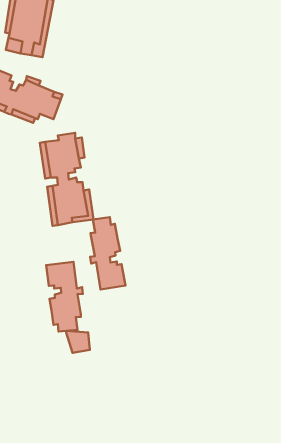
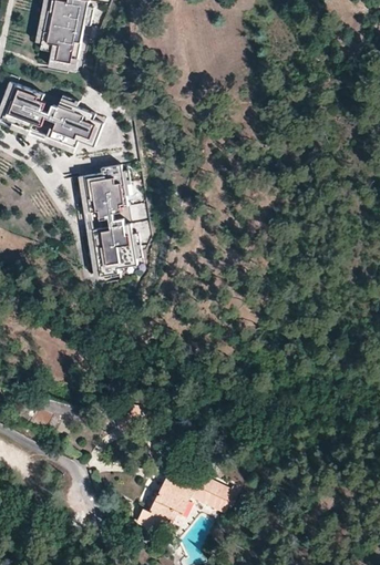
building: [90,217,125,290] -> none
building: [46,262,83,332] -> none
building: none -> [135,470,235,531]

